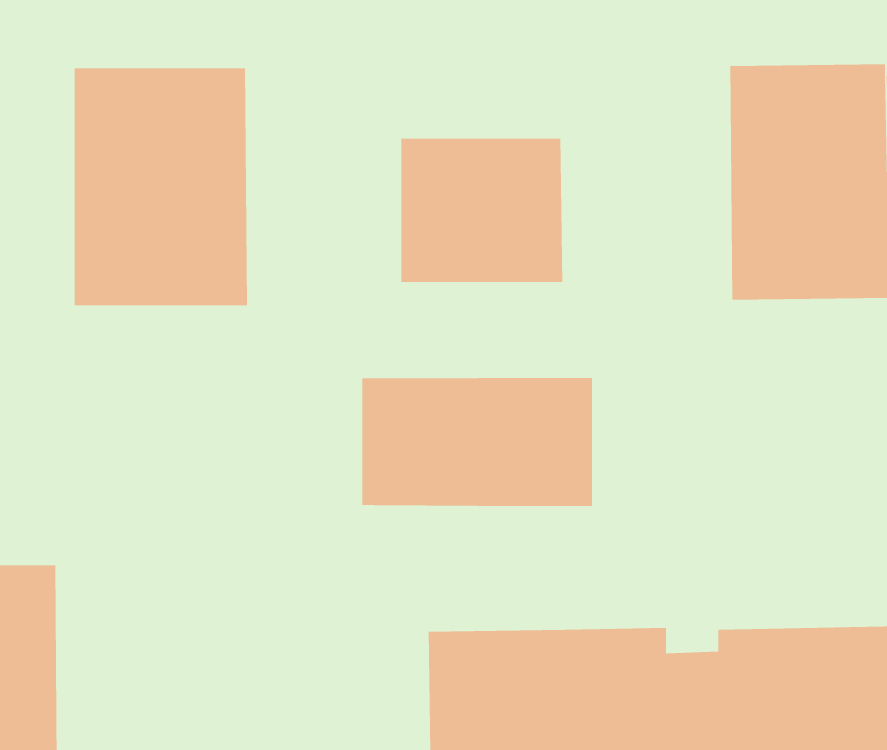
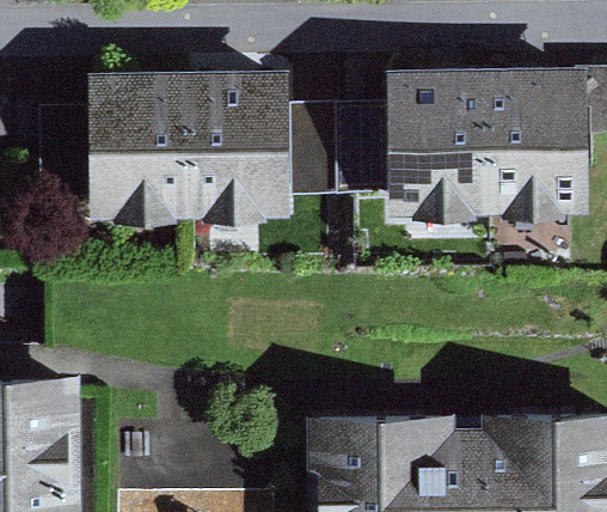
building: none -> [388,63,492,208]
building: none -> [196,65,290,211]
building: [361,377,593,507] -> none

